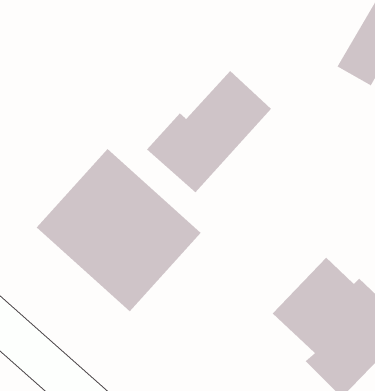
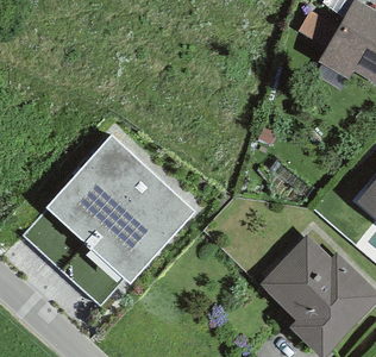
building: [146,70,272,193] -> none

